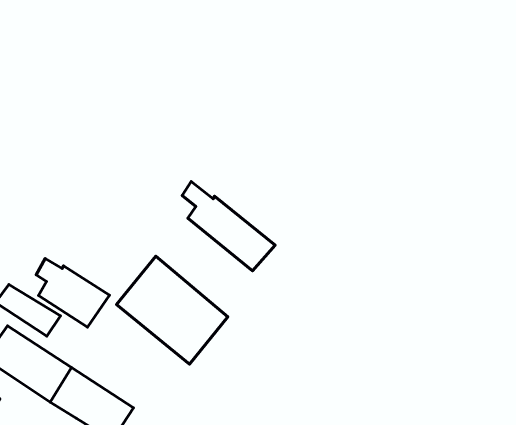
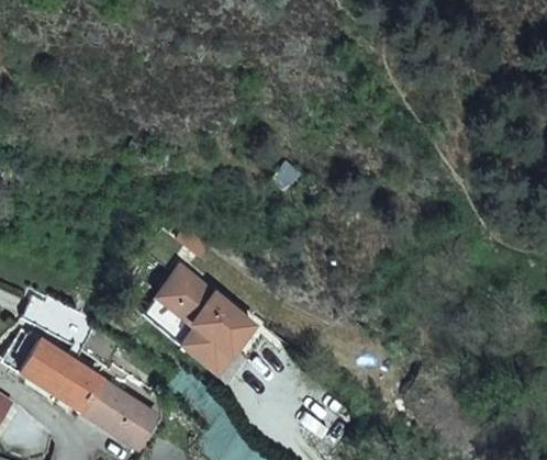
building: [182,181,275,271] -> none
building: [36,258,109,327] -> none

